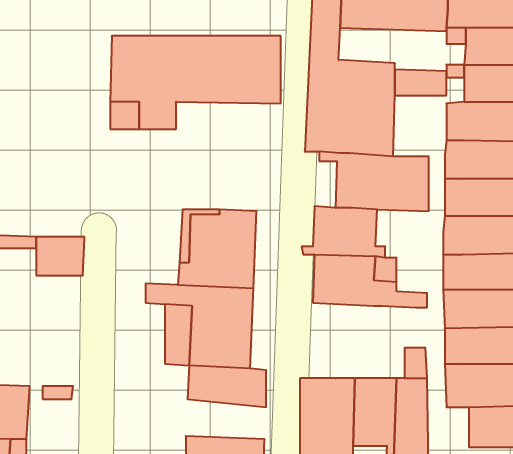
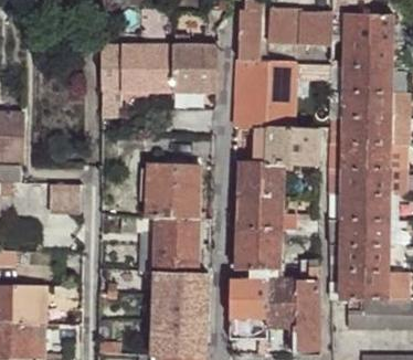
building: none -> [231,230,285,282]
building: none -> [152,296,208,324]

